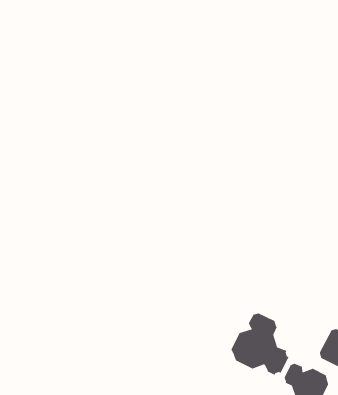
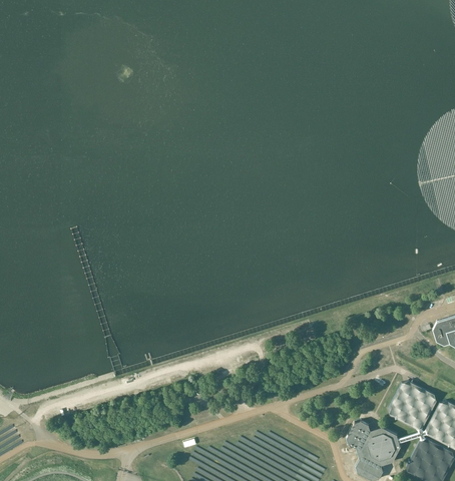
building: [230,313,290,376] -> none

